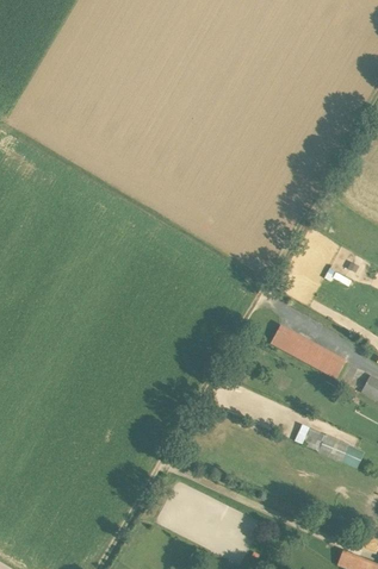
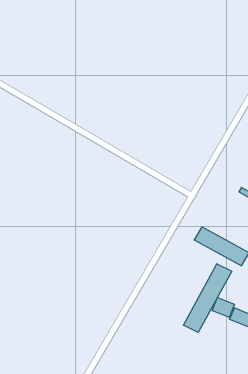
building: none -> [183,264,232,332]

